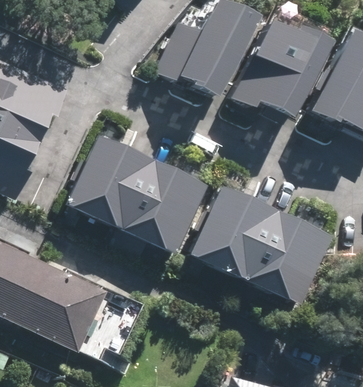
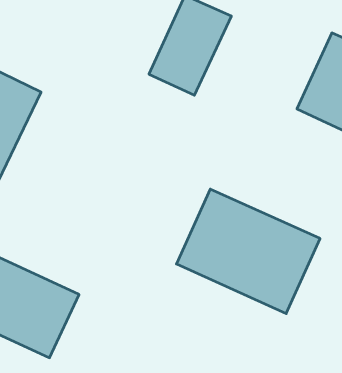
building: [234,21,322,121] -> none
building: [70,136,206,254] -> none

